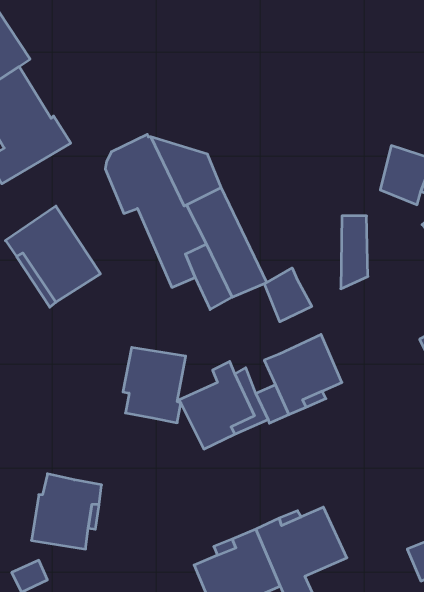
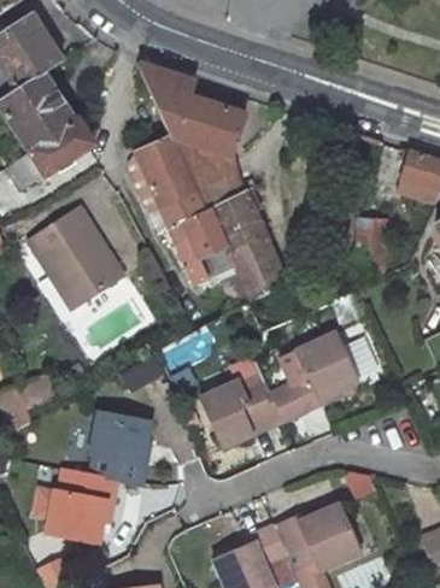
building: none -> [134,55,242,157]
building: [264,268,312,322] -> none
building: [123,347,186,423] -> [95,411,157,484]

